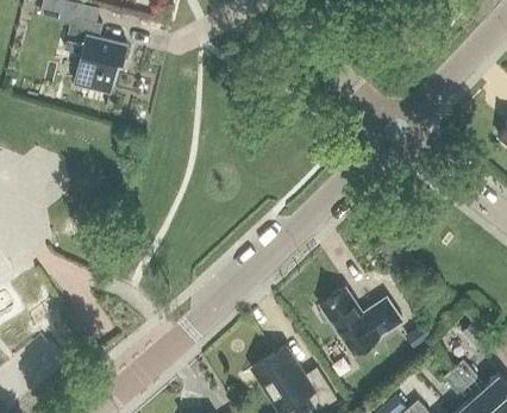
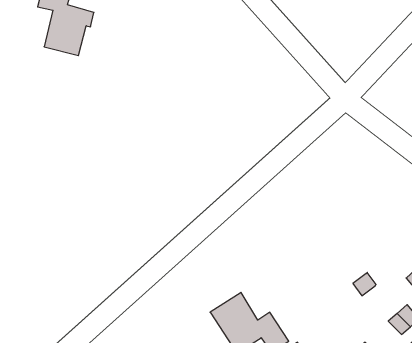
building: [318,289,402,356] -> none

